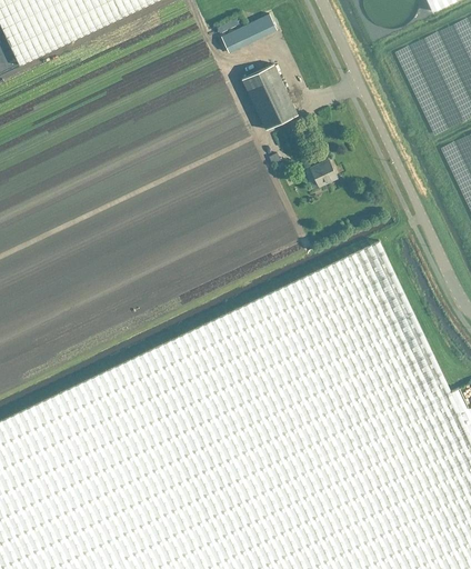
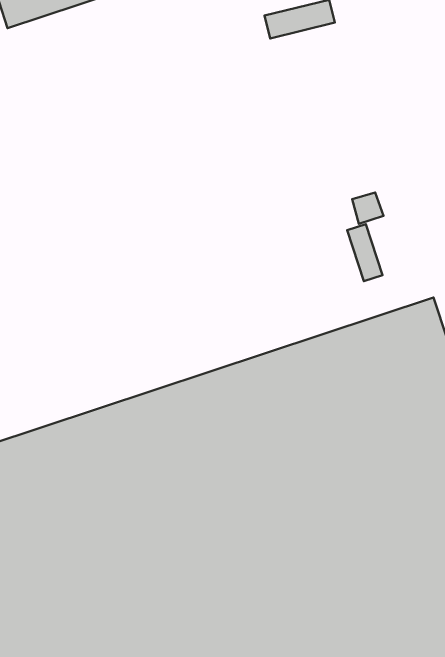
building: [241,66,297,131] -> none
building: none -> [347,224,383,281]

